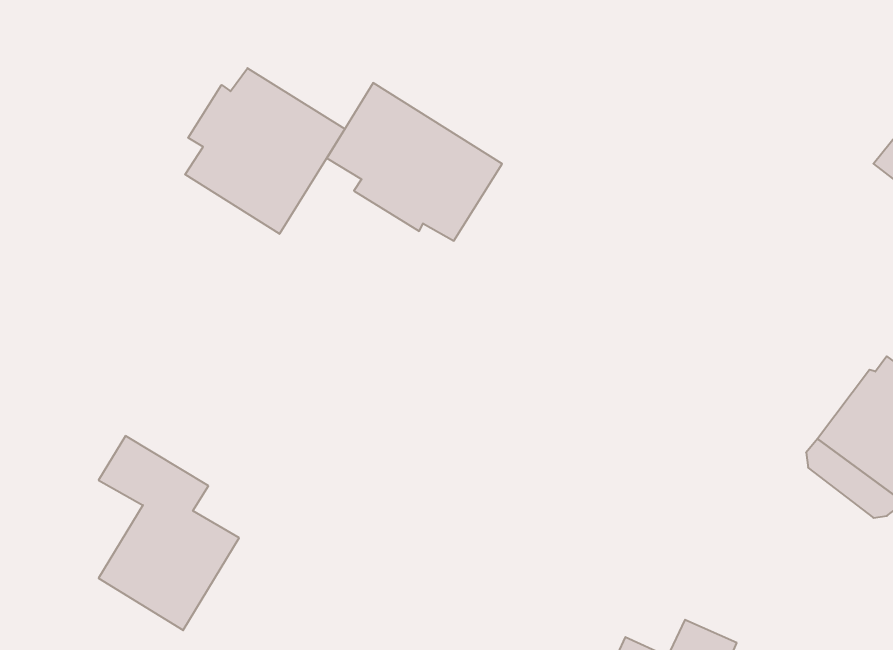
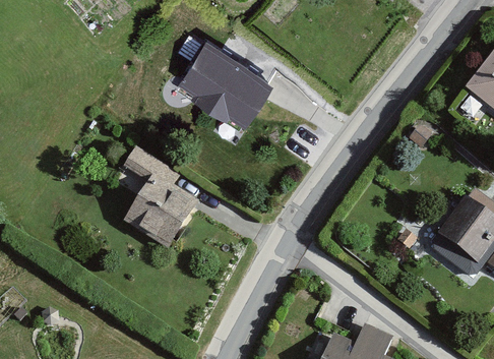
building: [185,68,345,234] -> none
building: [99,436,239,630] -> [124,148,198,251]

